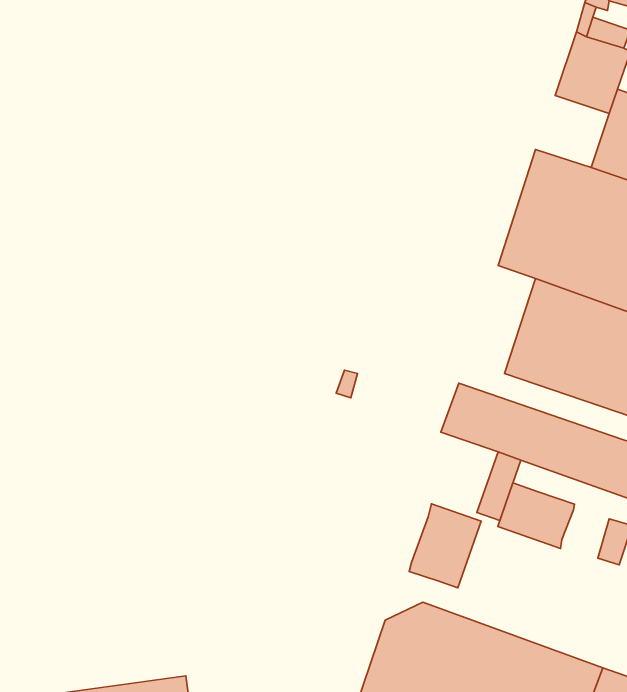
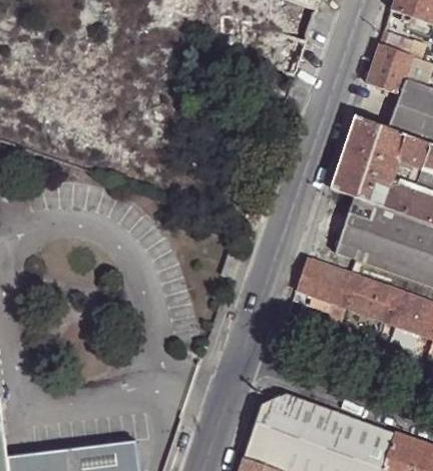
building: [498,483,574,548] -> none
building: [409,504,481,588] -> none

